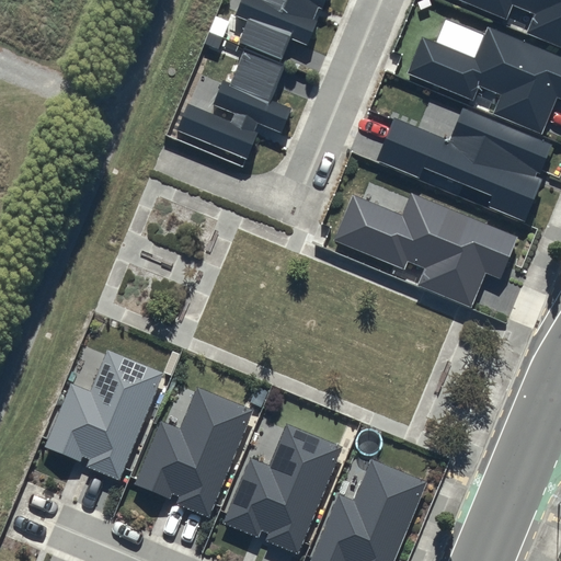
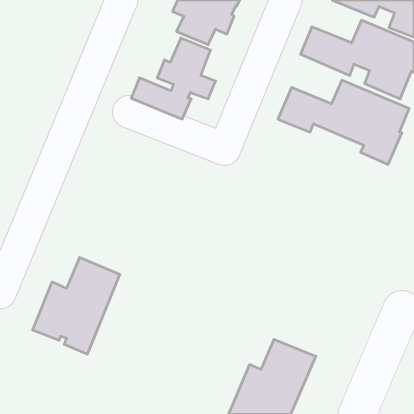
building: [334,193,516,308] -> none
building: [134,386,252,515] -> none
building: [222,423,342,552] -> none

